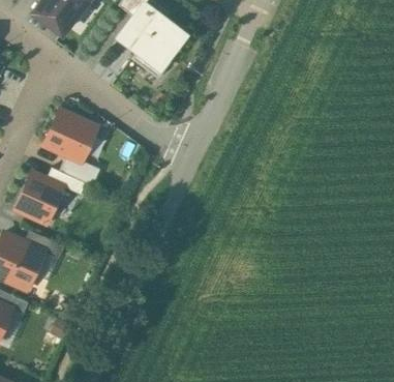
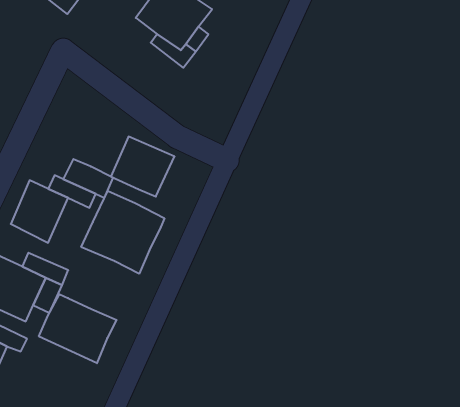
building: [43,111,96,160] -> [111,137,175,197]
building: none -> [81,191,164,274]
building: none -> [39,294,117,363]

